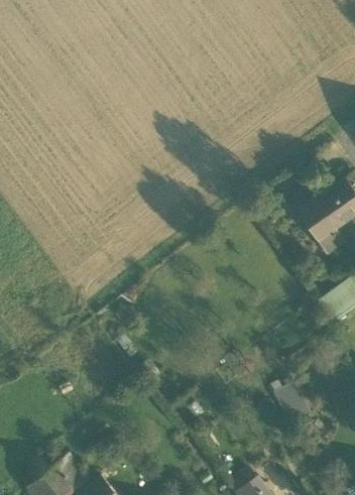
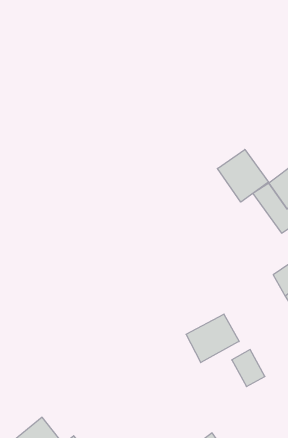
building: none -> [217,149,269,202]
building: none -> [186,314,239,363]

